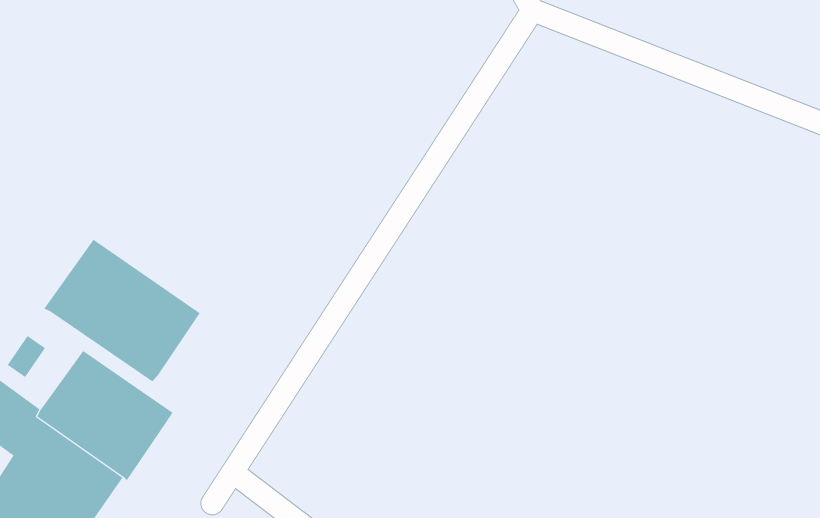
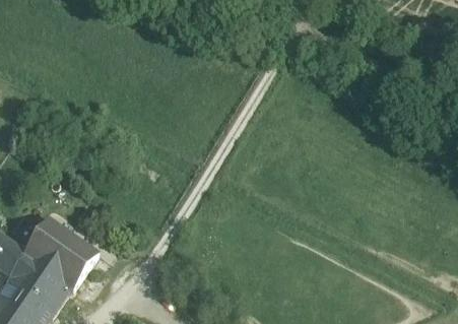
building: [44,239,200,382] -> none

